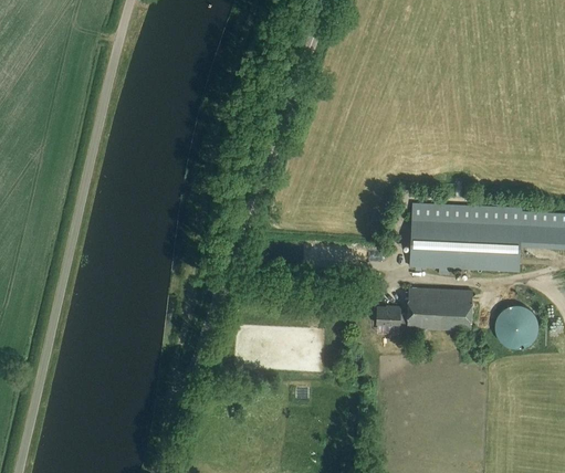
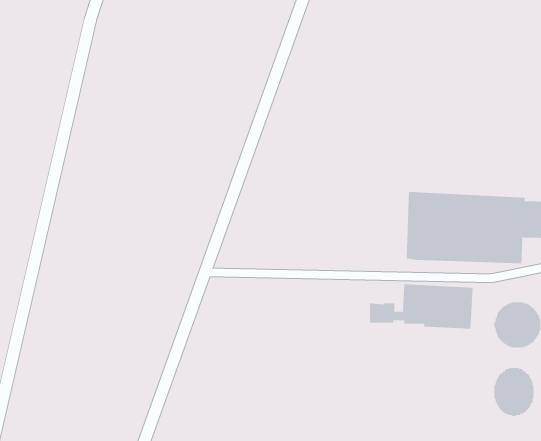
building: none -> [494,367,534,417]

